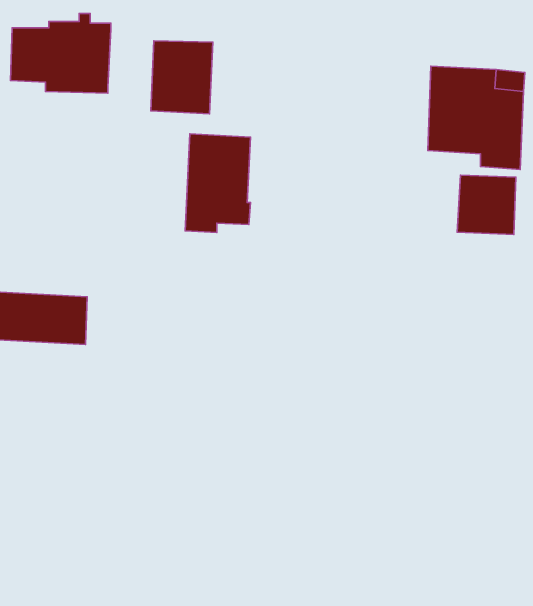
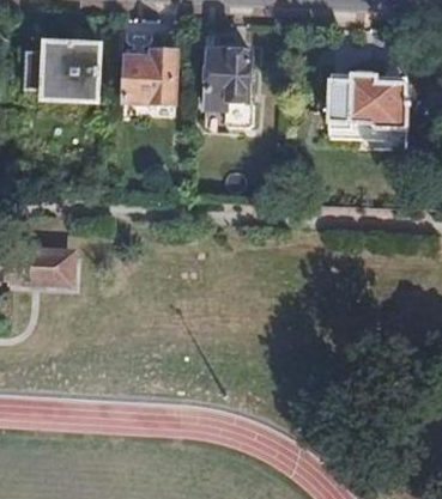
building: [185,134,250,233] -> [205,57,254,132]
building: [457,175,516,235] -> none

